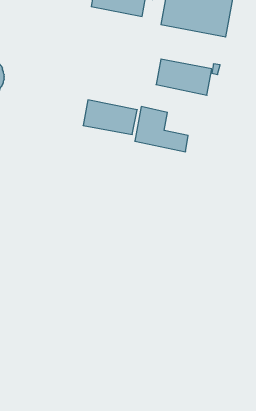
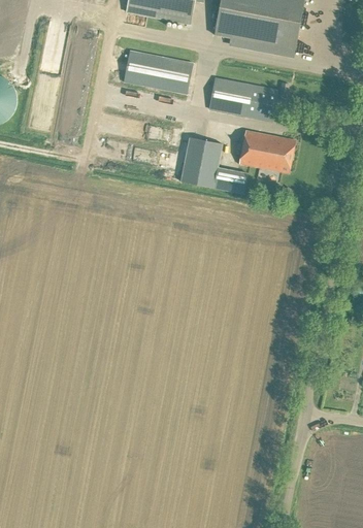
building: [83,100,137,134] -> [124,50,192,93]
building: none -> [238,130,294,172]

